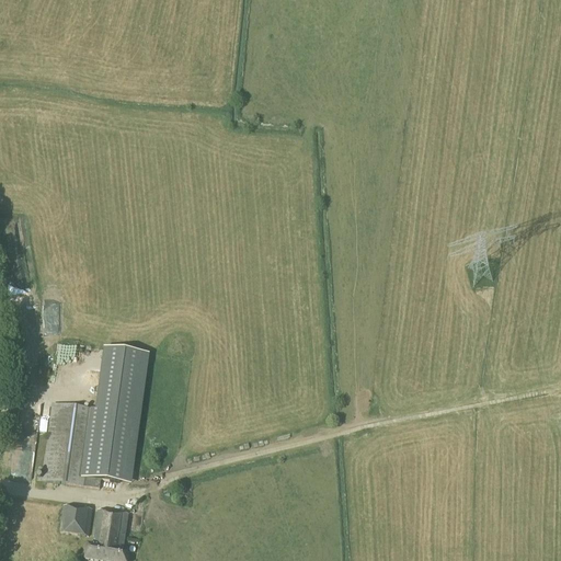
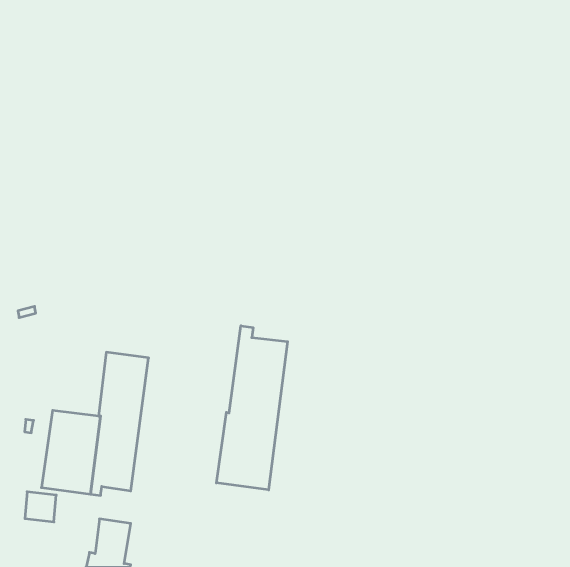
building: none -> [216,326,288,490]
building: [61,504,92,534] -> [25,492,56,522]

